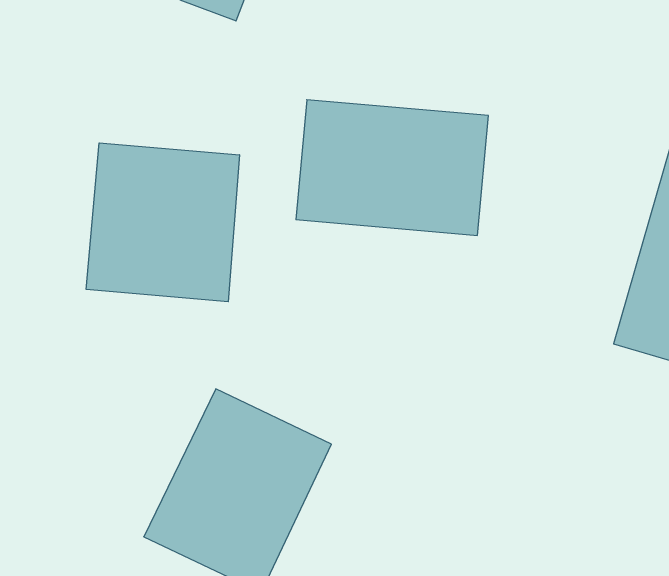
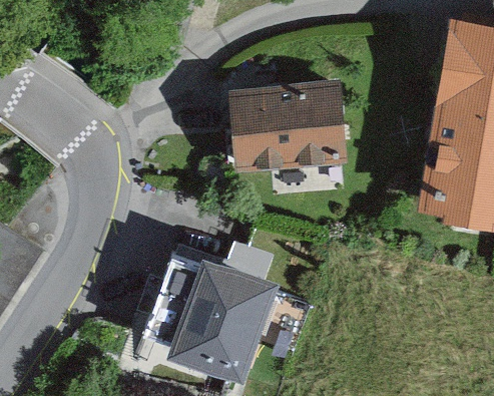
building: [86,143,239,302] -> none

